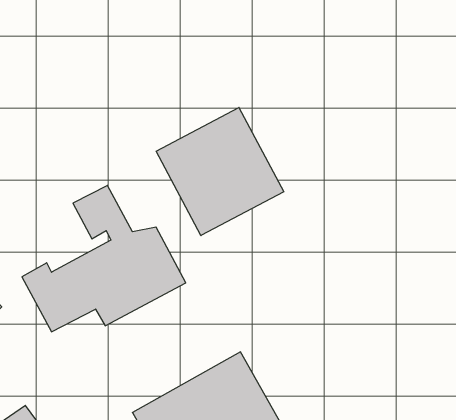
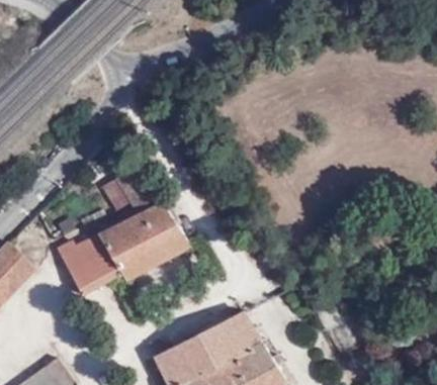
building: [156,107,284,236] -> none

